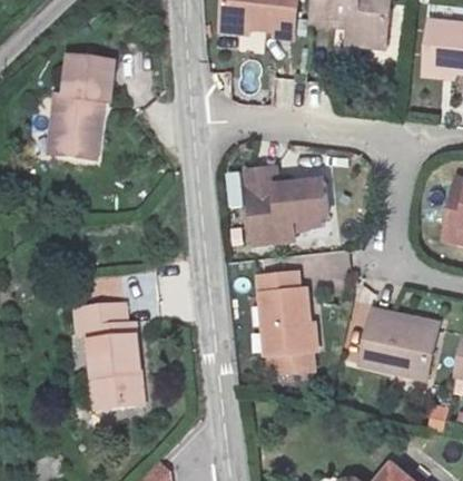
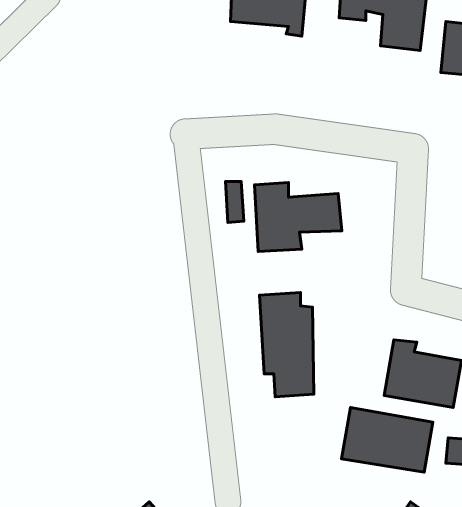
building: [52,61,107,158] -> none
building: [75,307,138,411] -> none
building: none -> [341,407,433,472]

